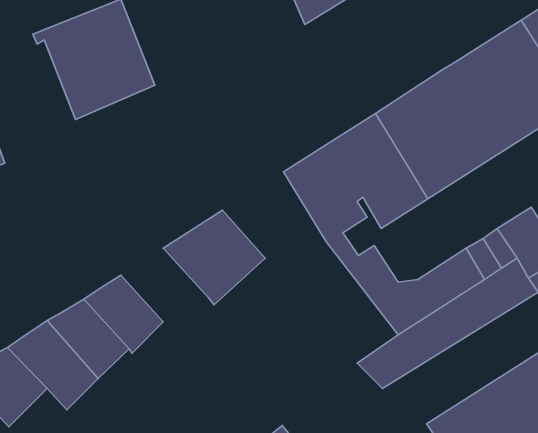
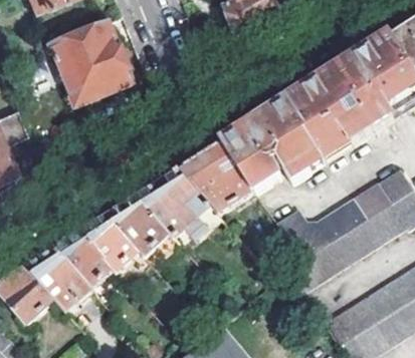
building: none -> [181,142,254,214]
building: none -> [109,197,171,256]

